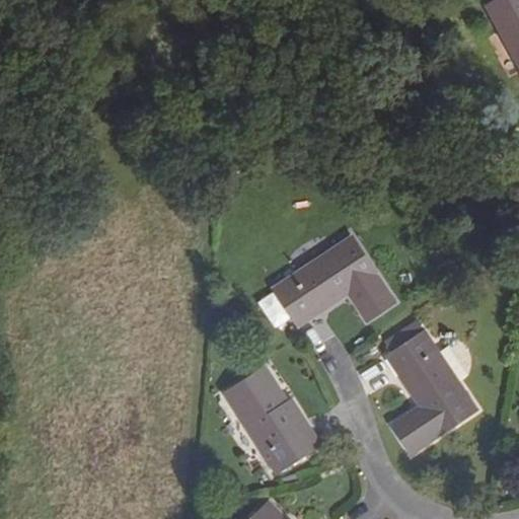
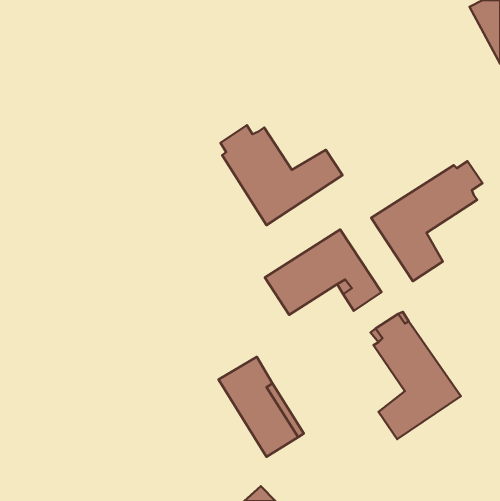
building: none -> [221,125,342,225]
building: none -> [371,161,483,281]

